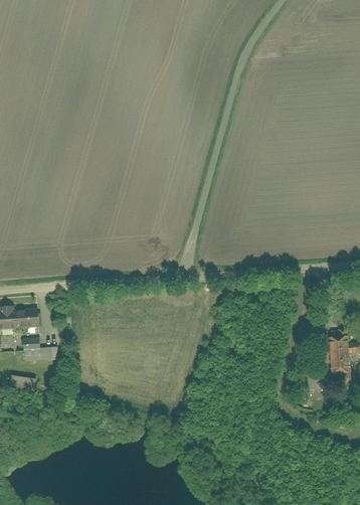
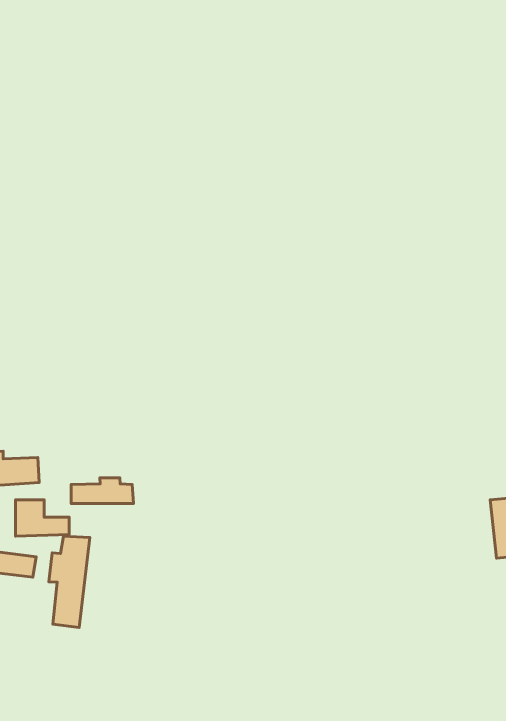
building: none -> [71,478,134,504]
building: none -> [49,536,90,627]

